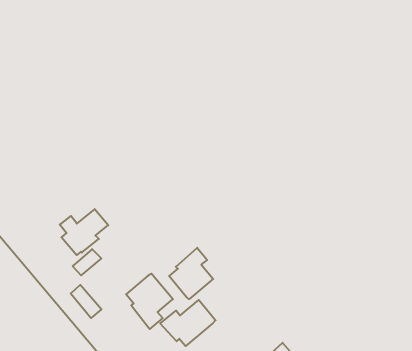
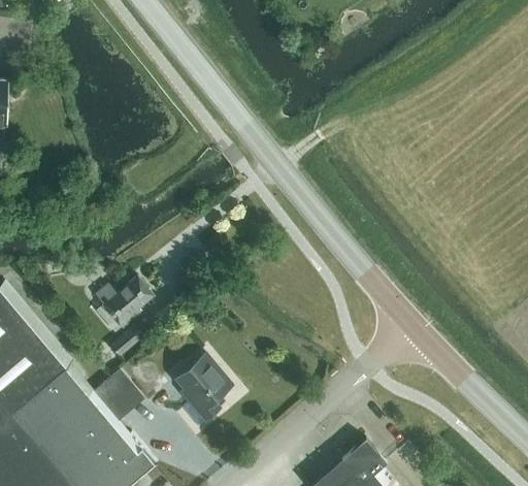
building: [169,248,213,299] -> none
building: [160,300,216,346] -> none

